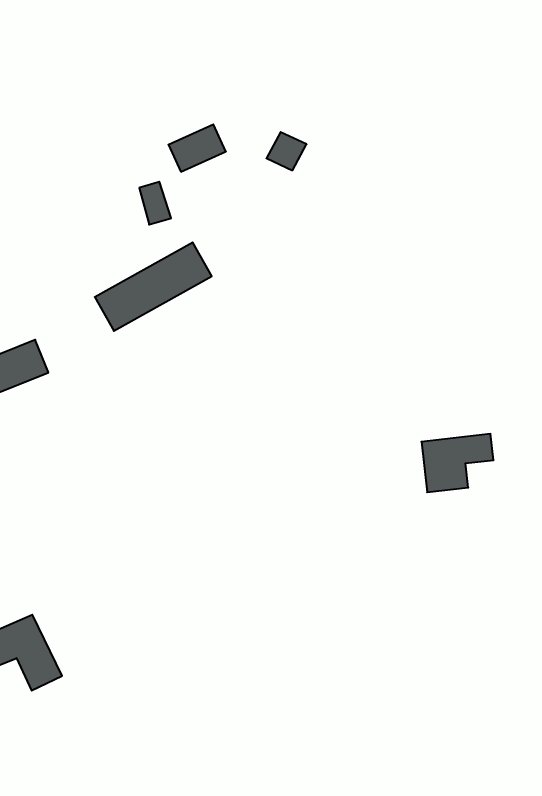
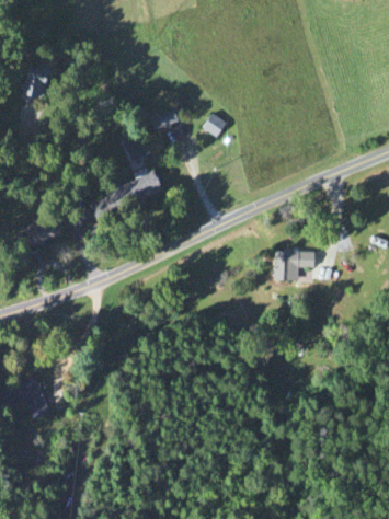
building: [421,434,494,492] -> [275,252,316,281]

